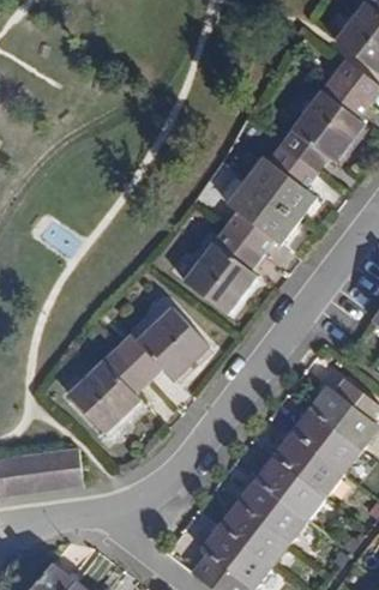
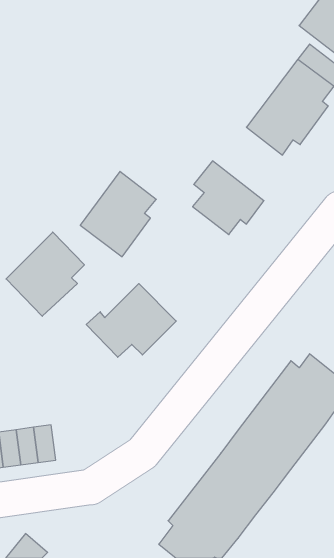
building: [246,144,318,219] -> none
building: [185,225,263,313] -> [80,171,156,257]
building: [68,347,149,433] -> [6,232,84,316]

